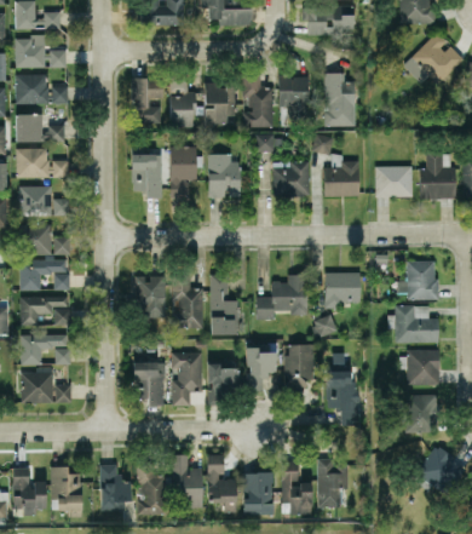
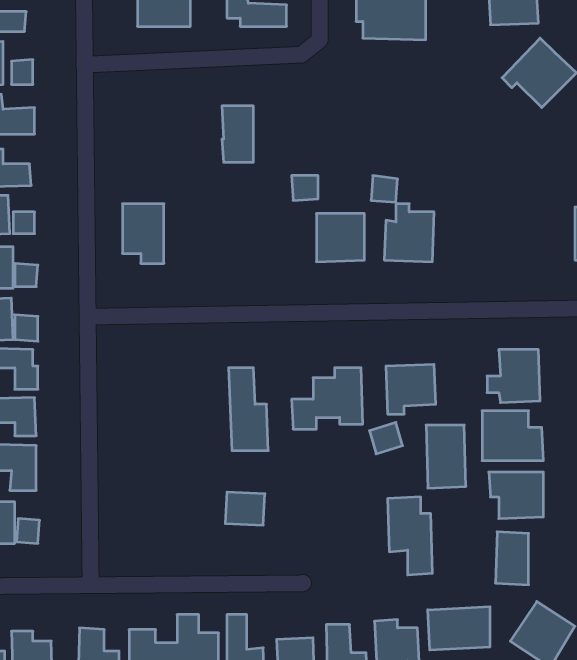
building: [242,73,274,127] -> none
building: [324,73,356,125] -> none
building: [278,75,309,126] -> none
building: [131,77,163,124] -> none
building: [169,80,196,126] -> none
building: [169,147,197,197] -> none
building: [419,151,454,199] -> none
building: [207,153,241,197] -> none
building: [375,165,413,196] -> none
building: [136,275,166,317] -> none
building: [172,275,203,327] -> none
building: [284,344,313,390] -> [426,425,466,488]
building: [246,349,276,390] -> none
building: [172,351,202,406] -> none
building: [133,361,165,404] -> none
building: none -> [428,607,490,650]

